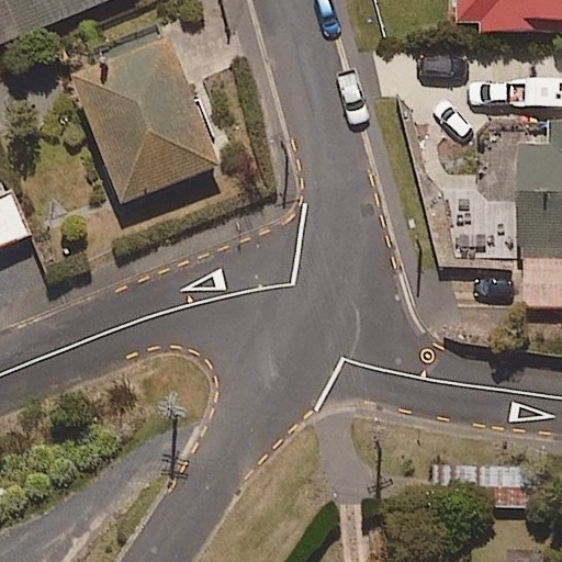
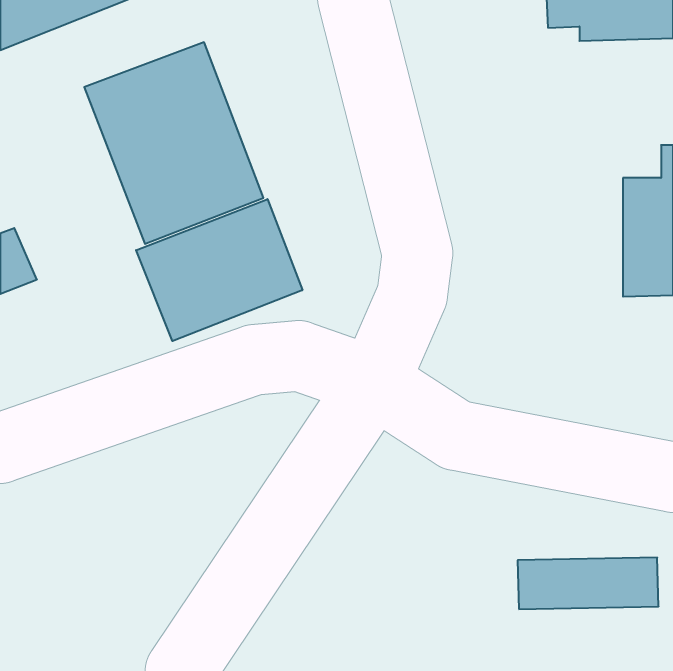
building: none -> [136,199,302,341]

